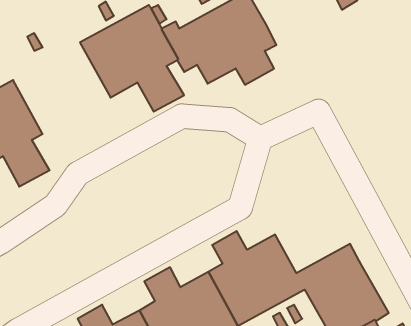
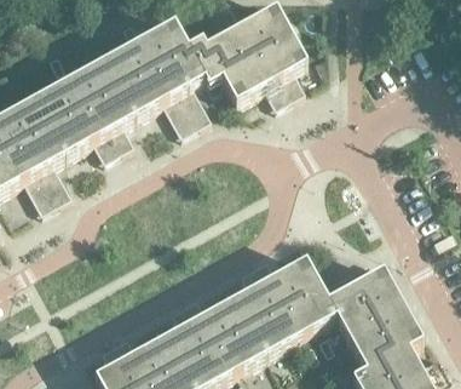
building: none -> [34,57,134,154]

